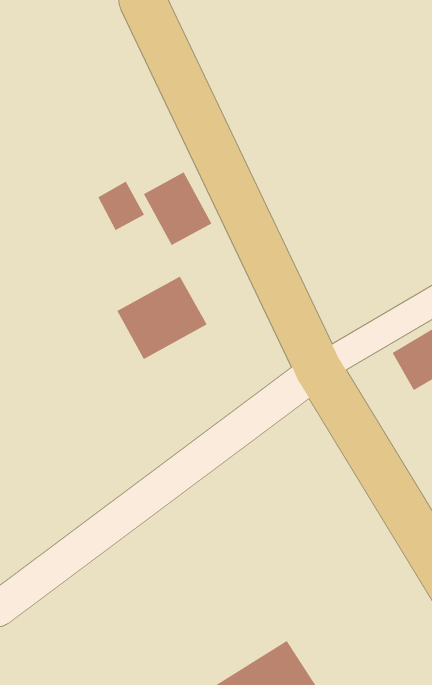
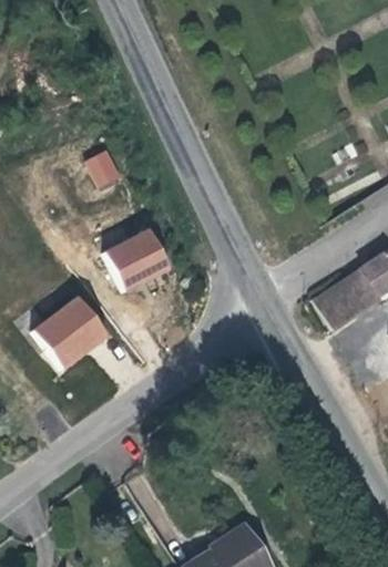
building: [143,172,212,246] -> none
building: none -> [25,295,111,379]

